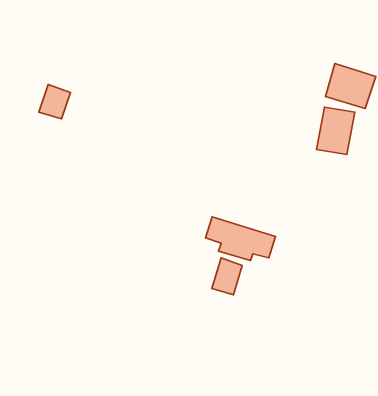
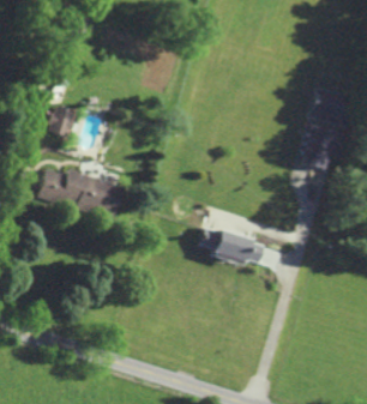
building: none -> [42,168,125,216]
building: [212,258,242,295] -> none

